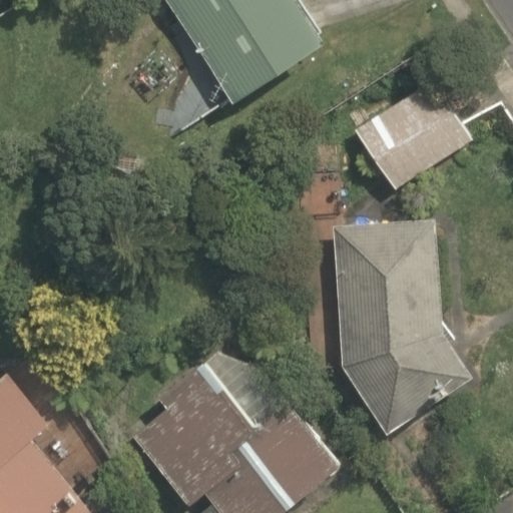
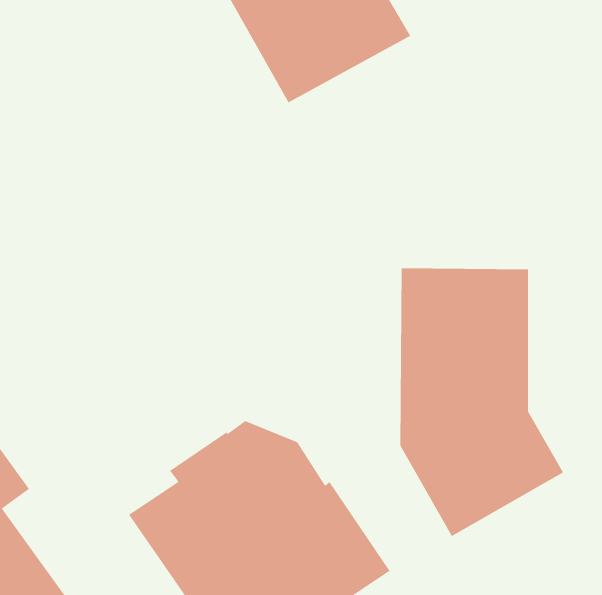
building: [357,81,470,190] -> none

